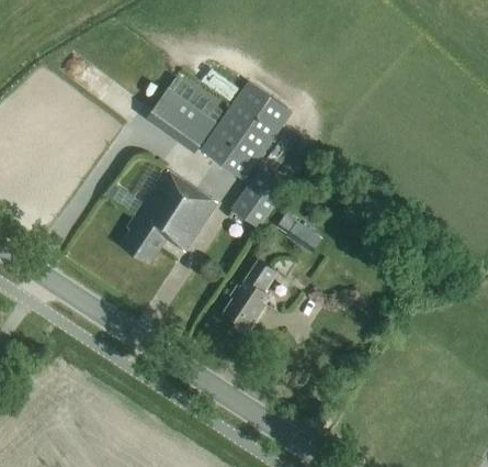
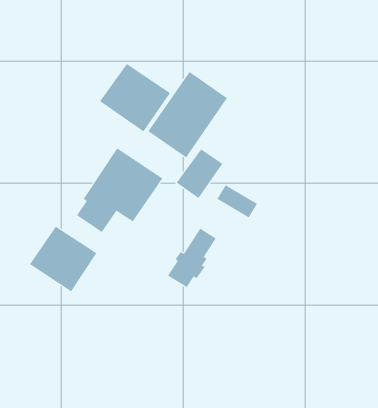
building: none -> [29,226,97,292]

